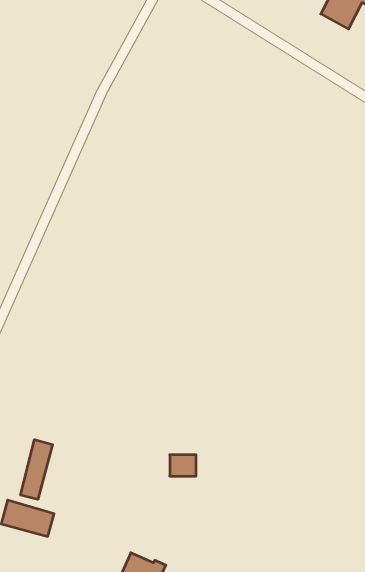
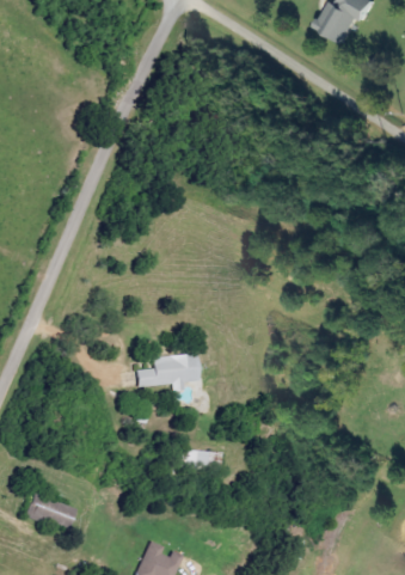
building: none -> [135,354,196,391]
building: [21,440,53,499] -> none

